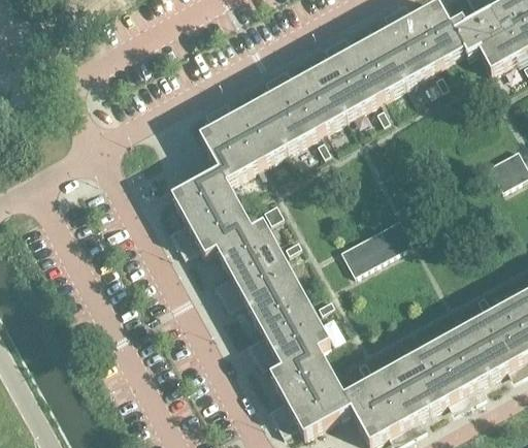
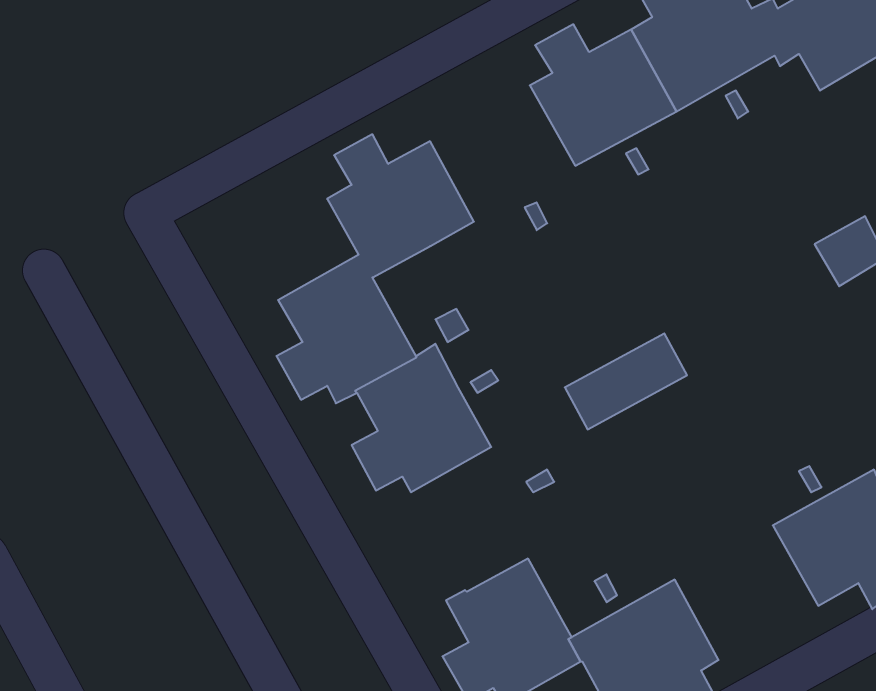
building: [261,60,346,145] -> none
building: [248,278,330,363] -> none
building: [405,324,490,407] -> none

